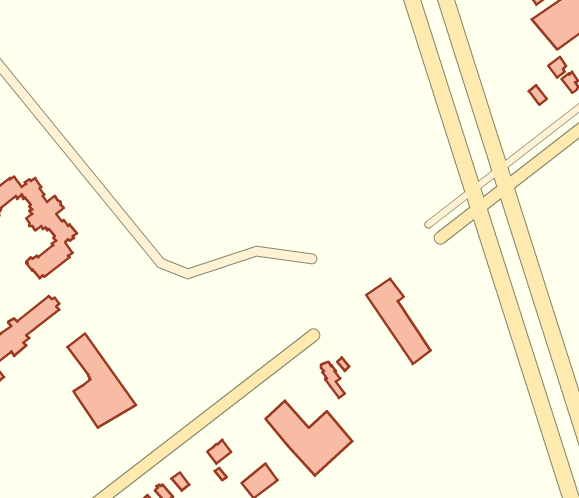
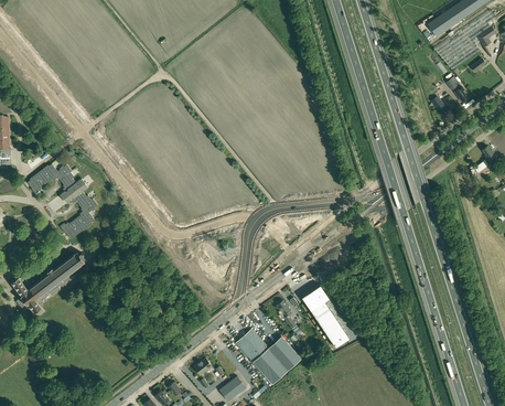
building: [366,279,431,364] -> [302,285,350,348]
building: [67,334,136,428] -> none

